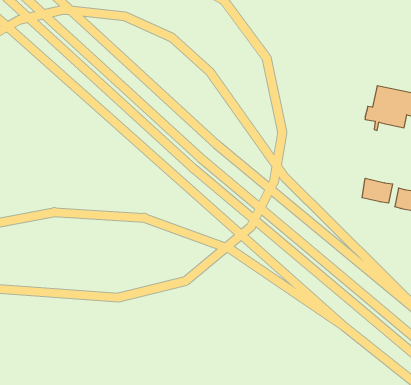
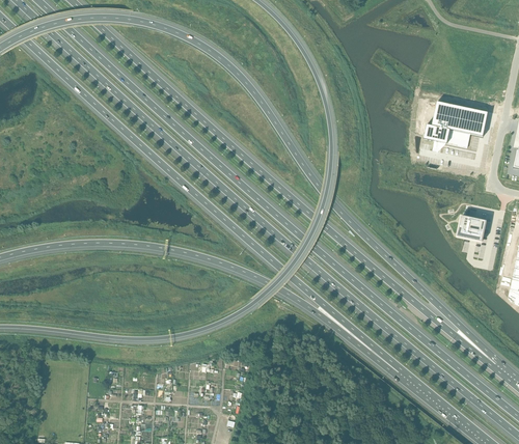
building: [362,178,393,203] -> none

